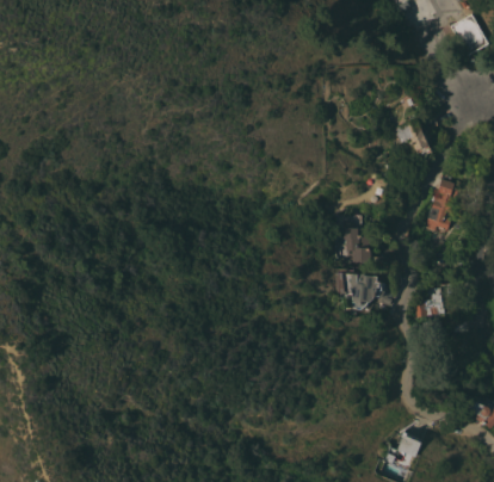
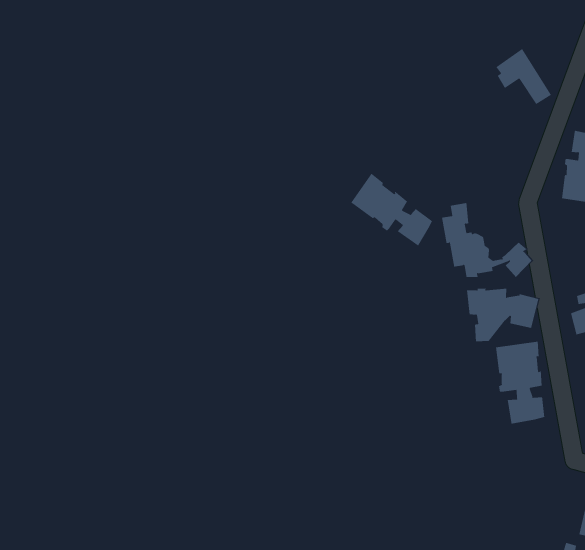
building: none -> [351,173,433,246]
building: none -> [496,341,545,425]

